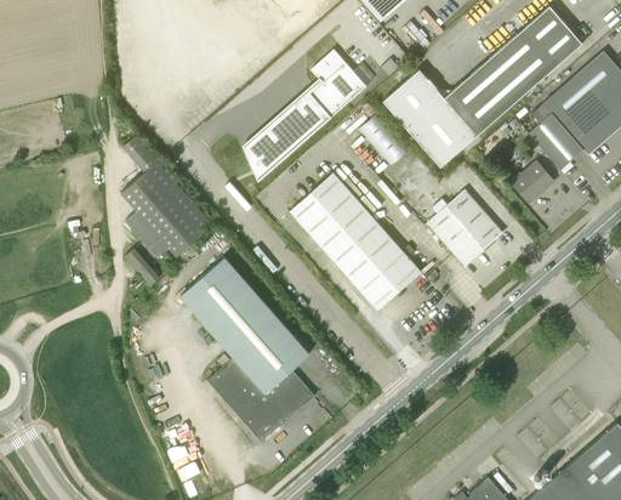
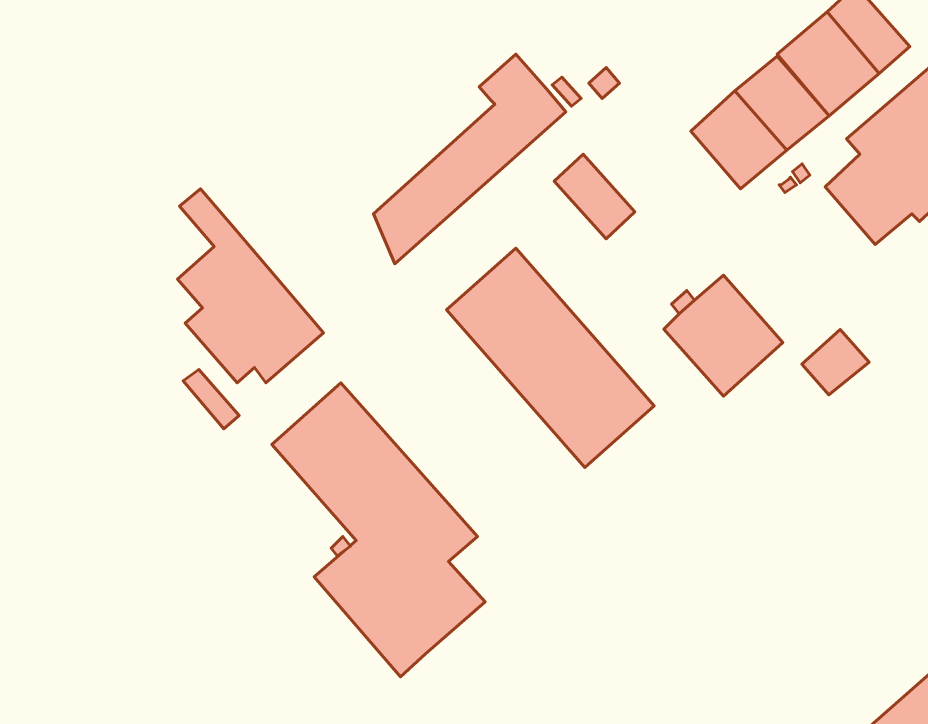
building: [382,69,475,167] -> none
building: [512,161,554,203] -> [802,330,869,395]

